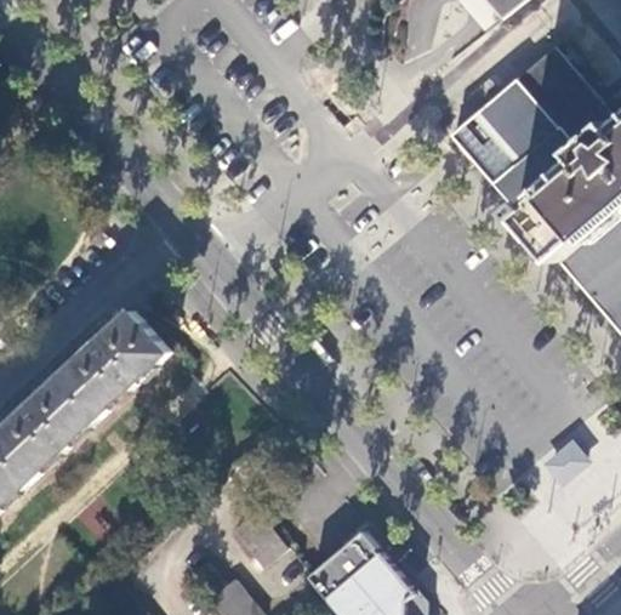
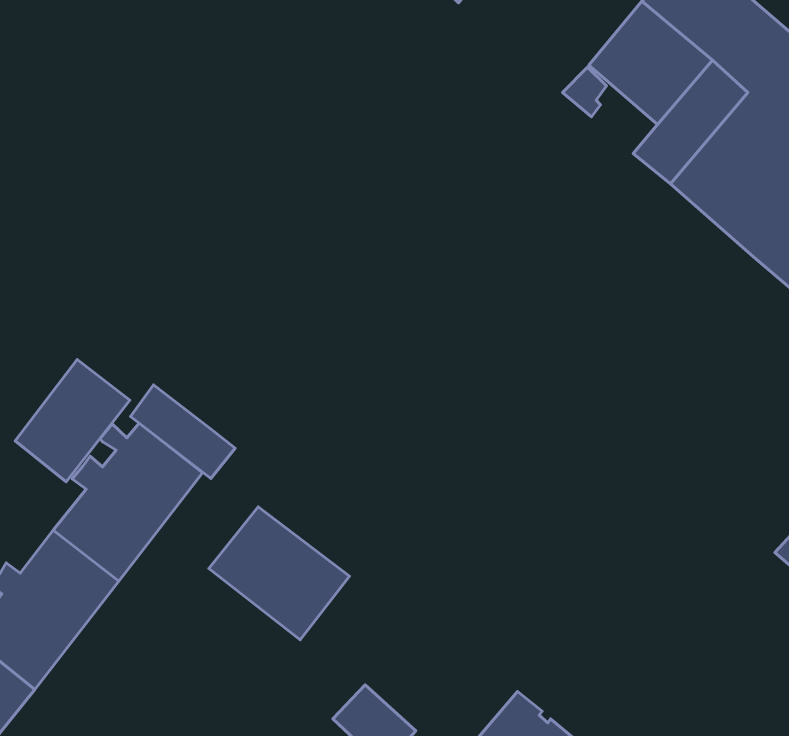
building: none -> [15,359,130,482]
building: none -> [130,385,235,479]
building: none -> [209,507,349,640]

